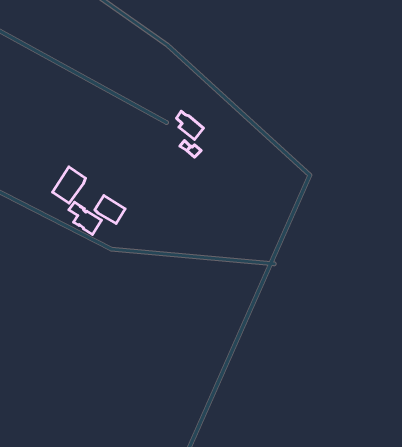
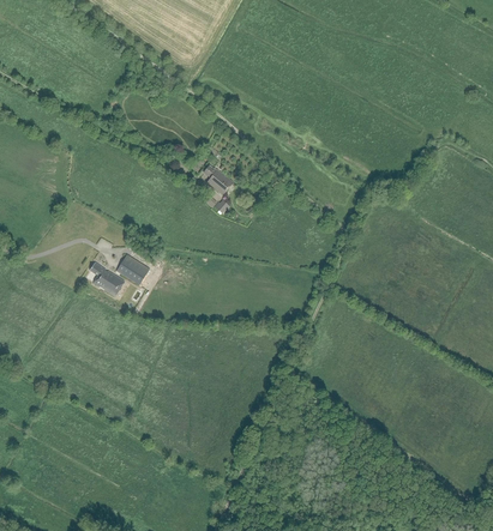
building: [52,167,86,203] -> none

